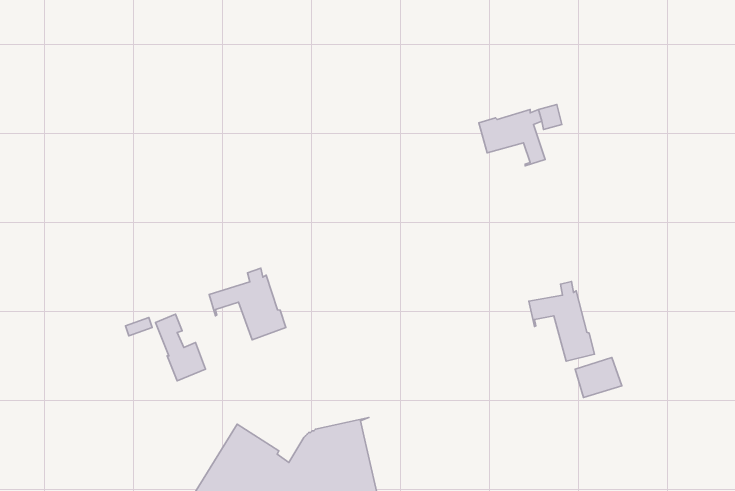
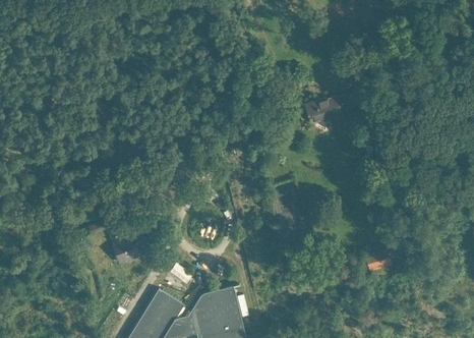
building: [209,268,286,340] -> none
building: [529,282,594,361] -> none

